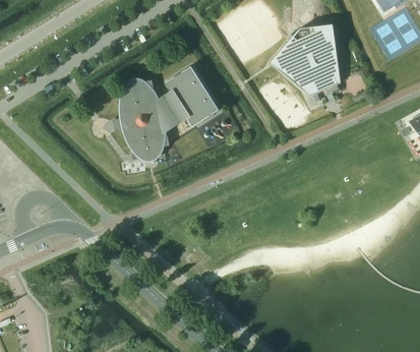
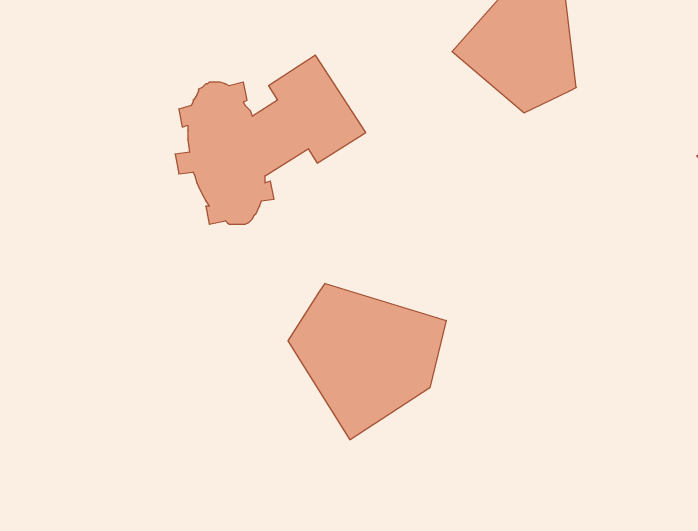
building: none -> [288,283,446,440]

